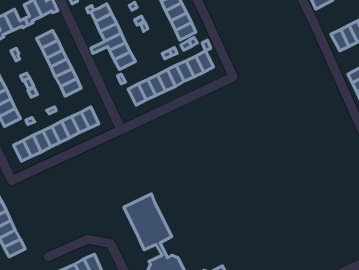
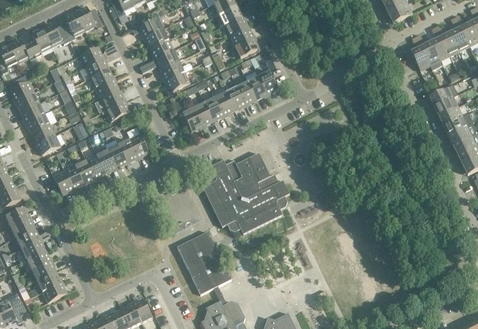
building: none -> [202,152,289,233]

